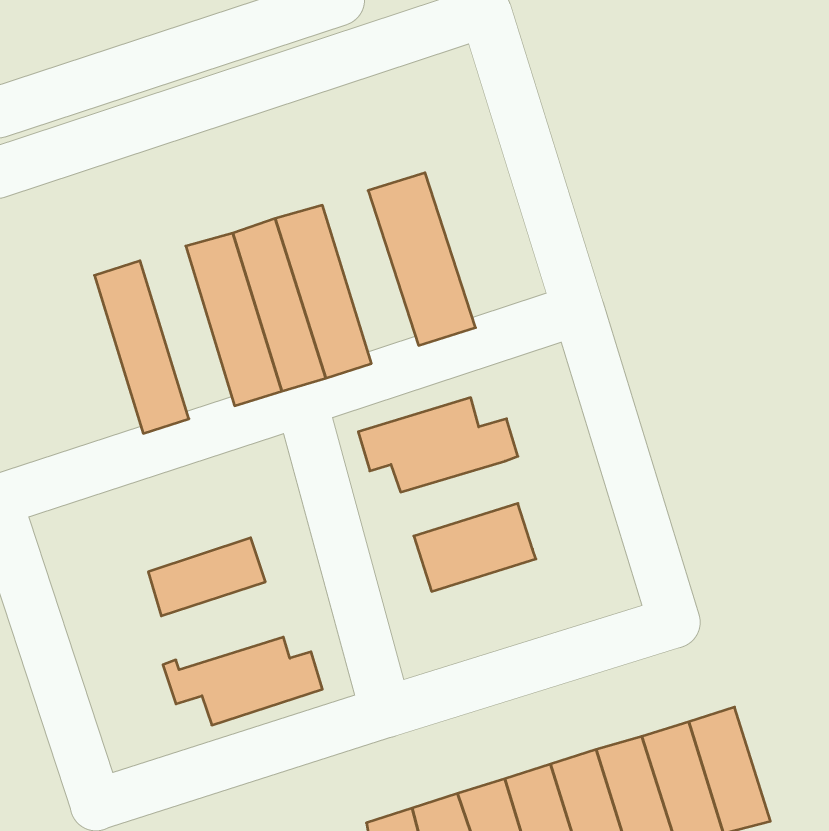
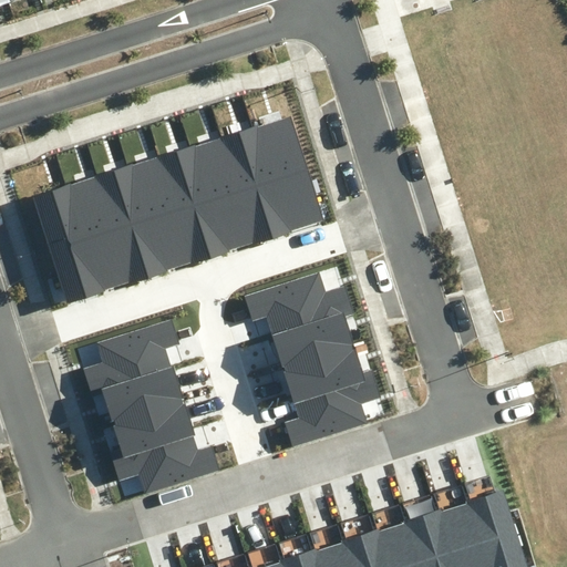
building: none -> [219,131,285,248]
building: none -> [95,168,159,286]
building: none -> [31,188,97,306]
building: none -> [272,315,352,365]
building: none -> [83,317,179,393]
building: none -> [284,371,380,447]
building: none -> [110,396,193,456]

